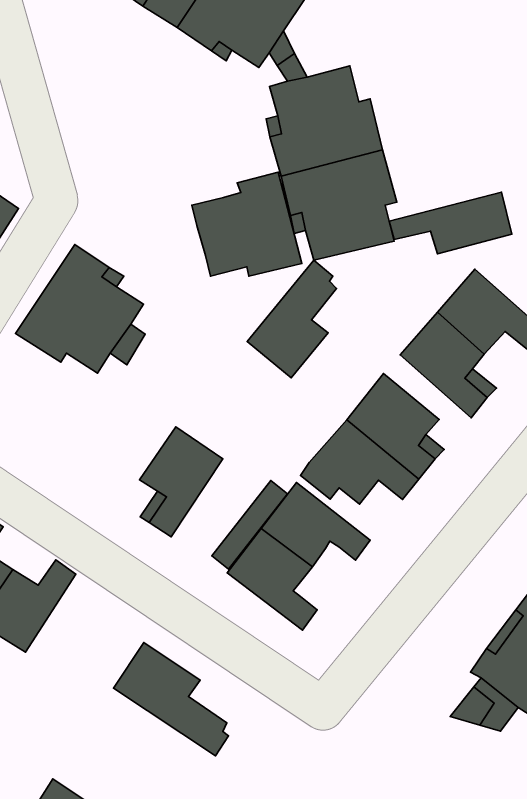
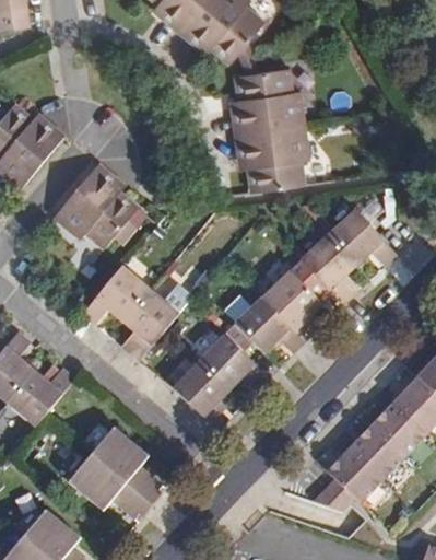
building: [192,172,302,276] -> none
building: [389,192,512,254] -> none
building: [247,260,337,378] -> none
building: none -> [82,266,150,324]
building: none -> [69,455,152,520]

